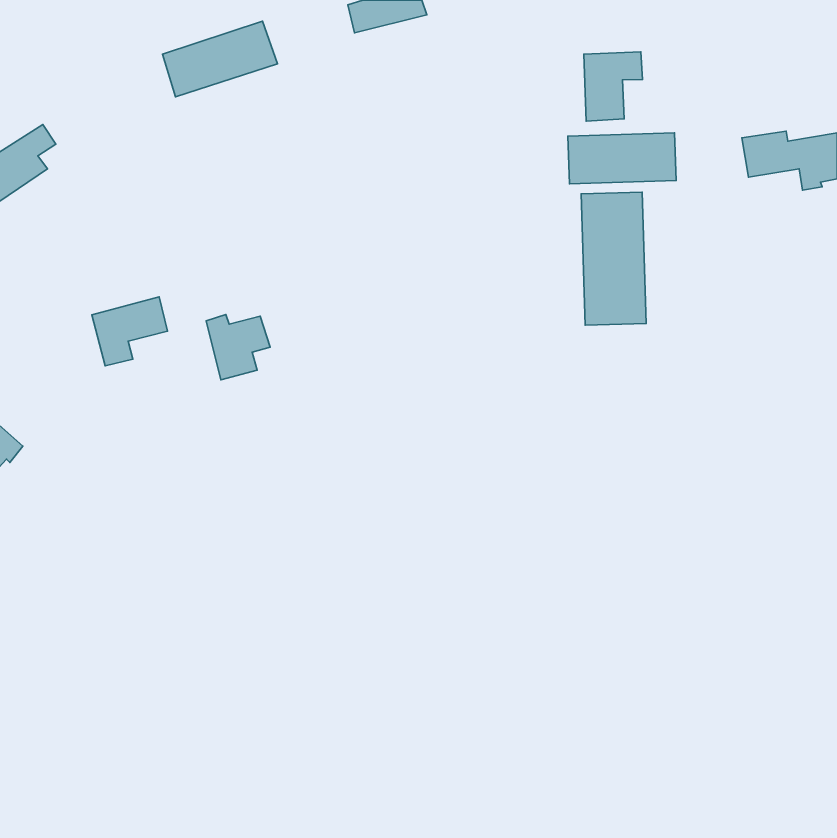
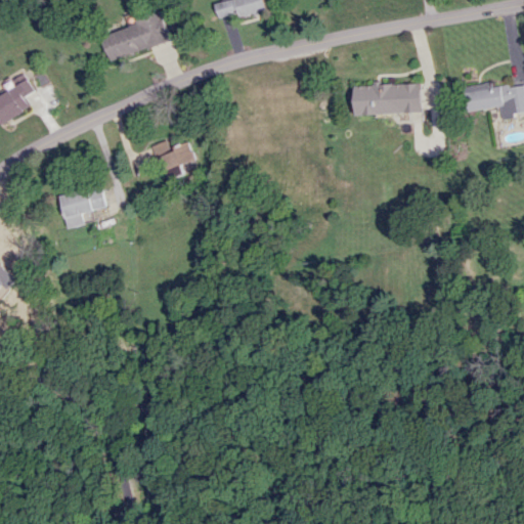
building: [584,52,643,121] -> none
building: [581,192,646,325] -> none
building: [206,314,270,380] -> [152,140,192,181]

